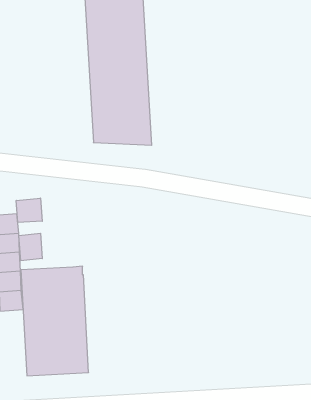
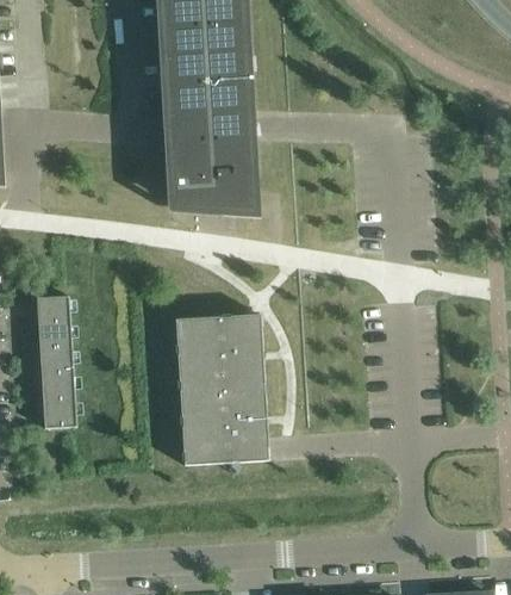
building: [16,198,42,223] -> none
building: [19,233,42,261] -> none
building: [21,266,89,376] -> [176,316,269,466]

